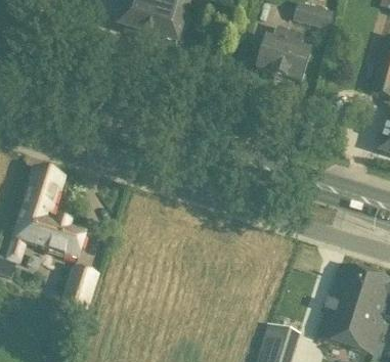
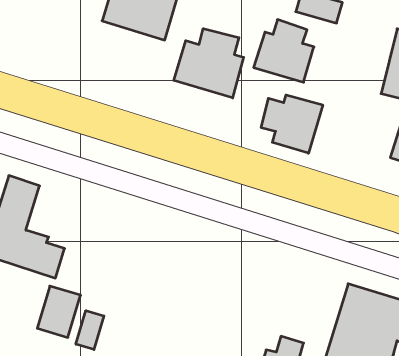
building: none -> [174,29,244,98]
building: none -> [261,95,323,153]
building: none -> [76,311,104,350]

